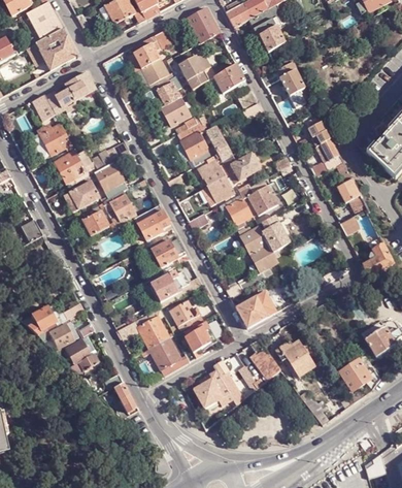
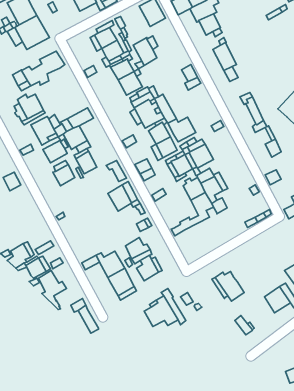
building: [208,63,245,95] -> none
building: [135,210,162,239] -> none
building: [149,270,178,301] -> none
building: [235,290,275,327] -> none
building: [249,339,279,380] -> none

